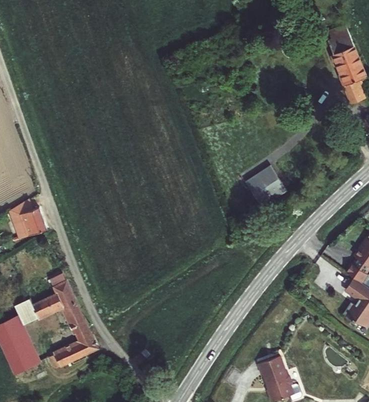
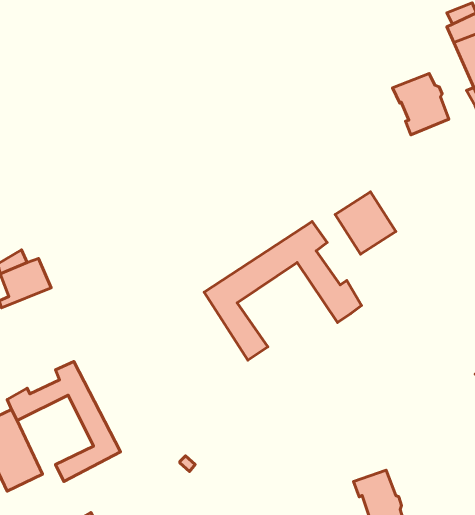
building: none -> [392,73,449,135]
building: none -> [204,222,362,360]

